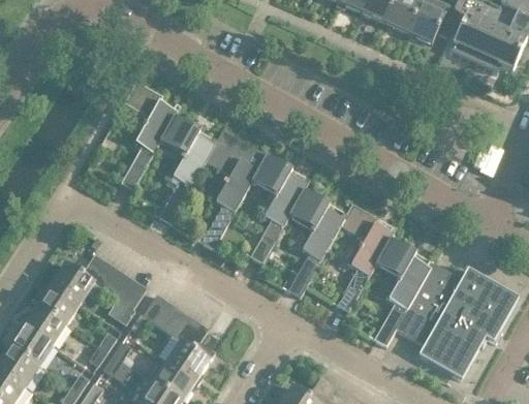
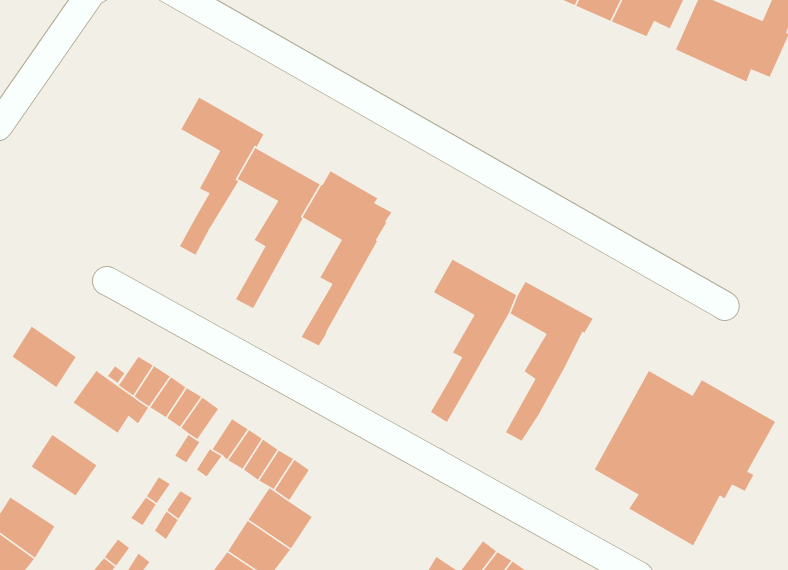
building: [251,155,308,262] -> none
building: [374,238,432,345] -> none
building: [37,284,81,325] -> [11,326,77,388]
building: [9,327,53,366] -> none

